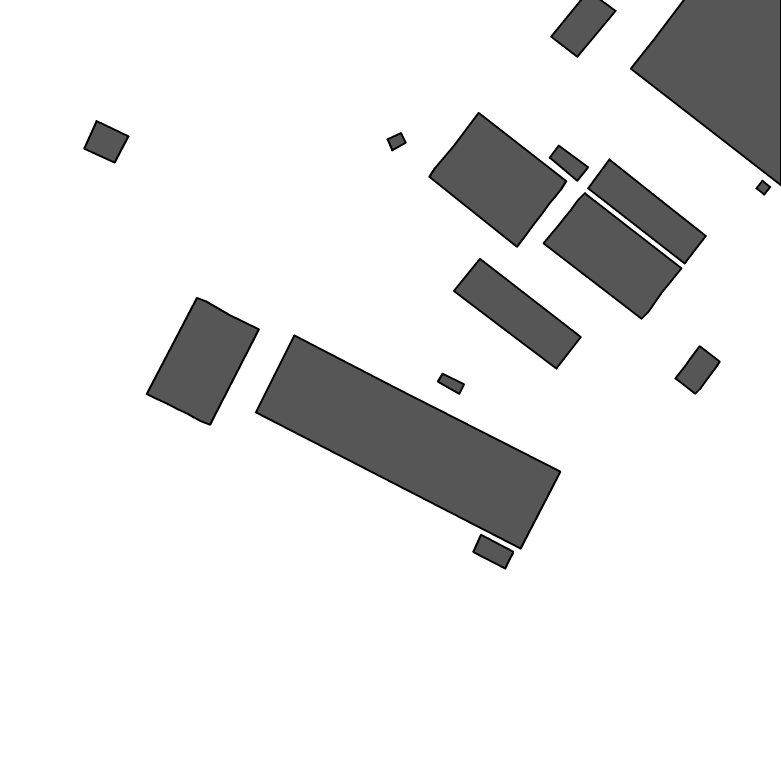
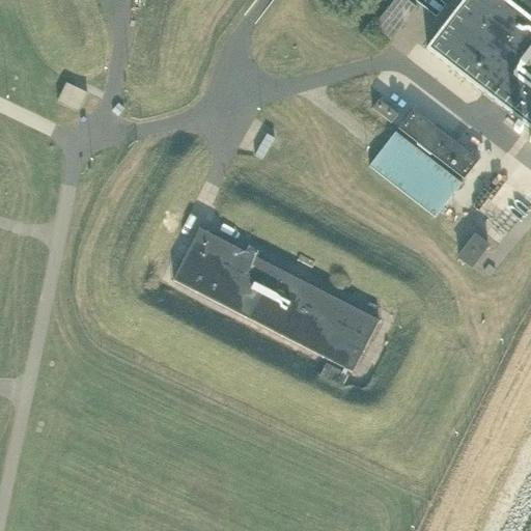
building: [429,113,566,247] -> none
building: [454,259,581,369] -> none
building: [147,298,259,425] -> none

